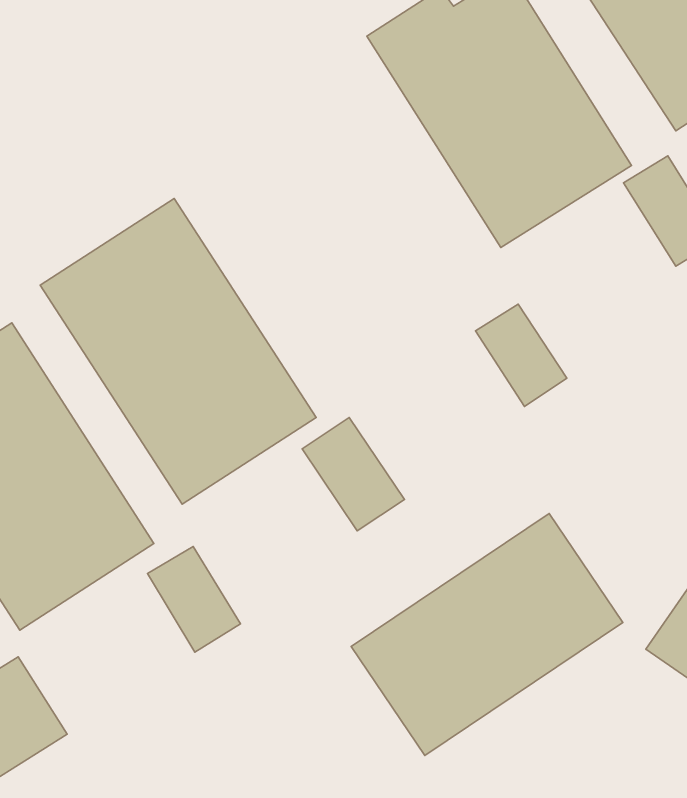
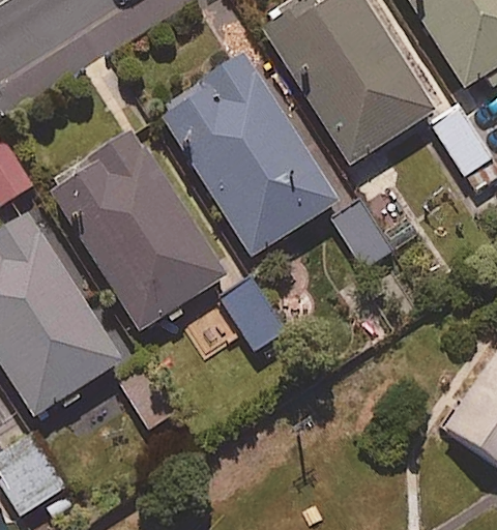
building: none -> [156,55,339,257]
building: [351,513,623,756] -> none

